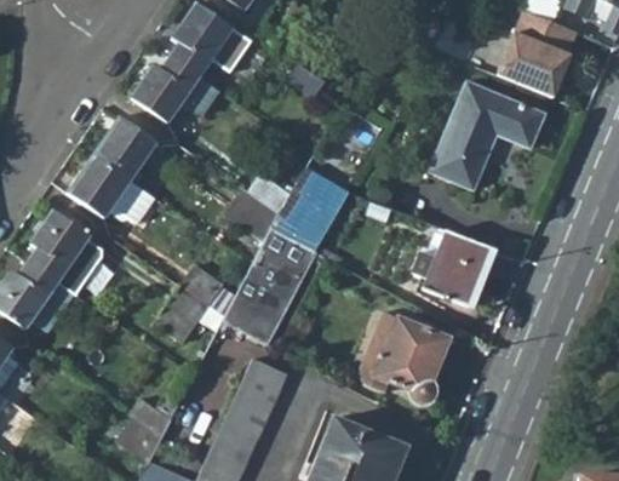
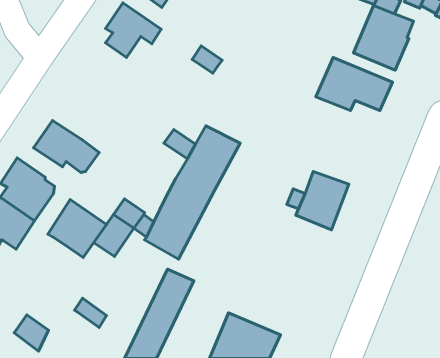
building: [131,58,197,122] -> none
building: [99,122,164,187] -> none
building: [431,130,495,191] -> none
building: [225,188,279,239] -> none
building: none -> [48,200,107,257]
building: [362,309,449,403] -> none
building: [115,416,161,464] -> [14,315,49,351]

